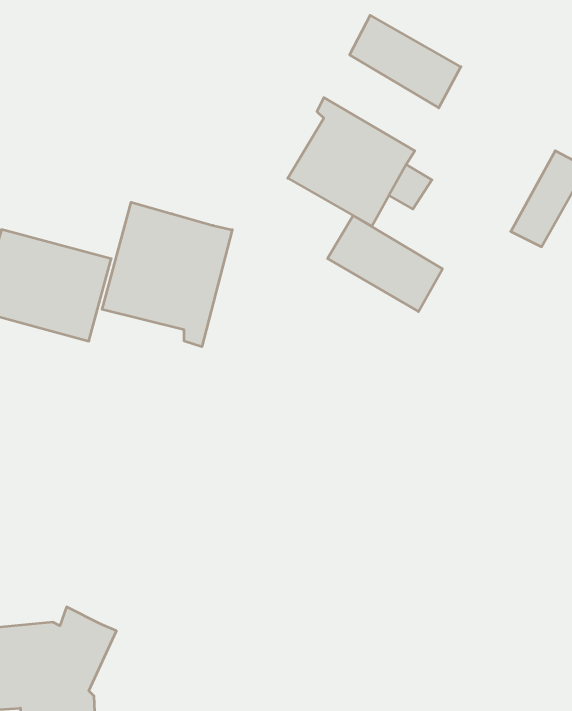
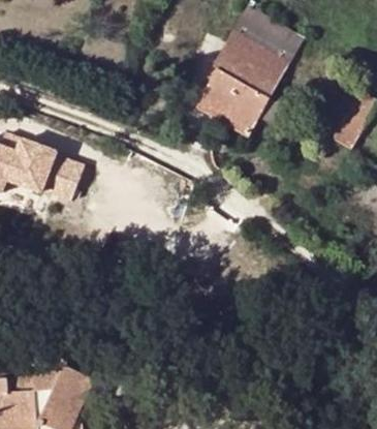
building: [102,202,232,347] -> none
building: [328,216,442,312] -> [217,33,286,91]

